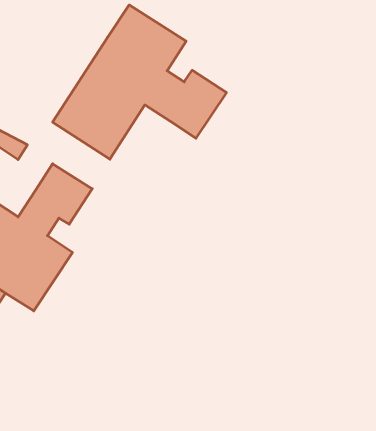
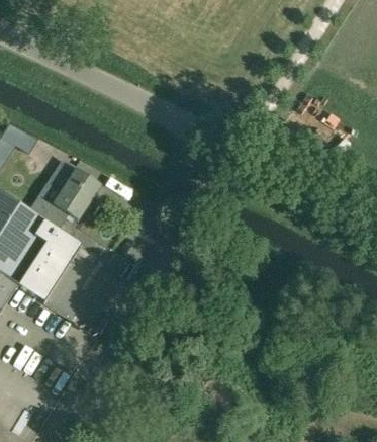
building: [53,5,226,159] -> none

